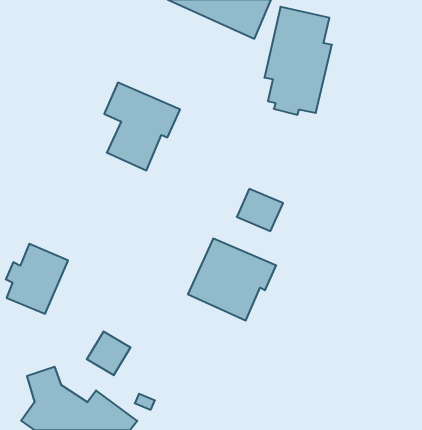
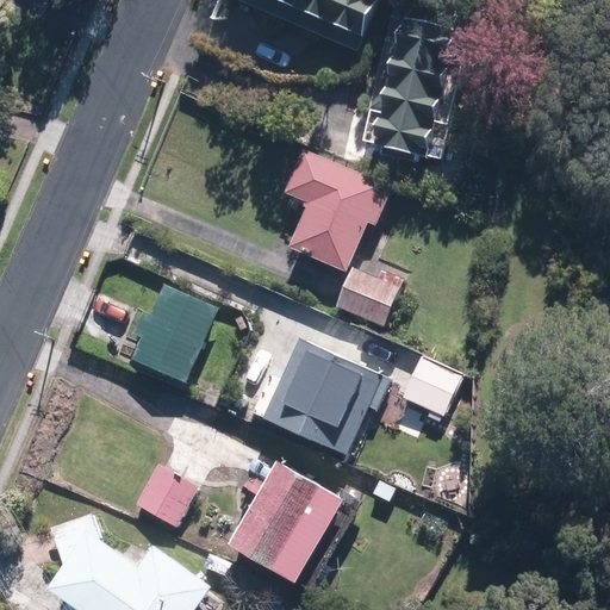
building: [104,83,180,170] -> [287,147,394,270]
building: [6,244,68,314] -> [131,282,219,381]
building: none -> [400,355,459,415]
building: none -> [212,471,323,589]

